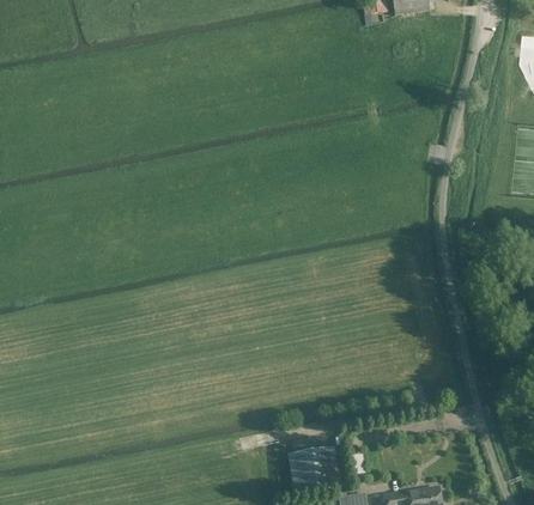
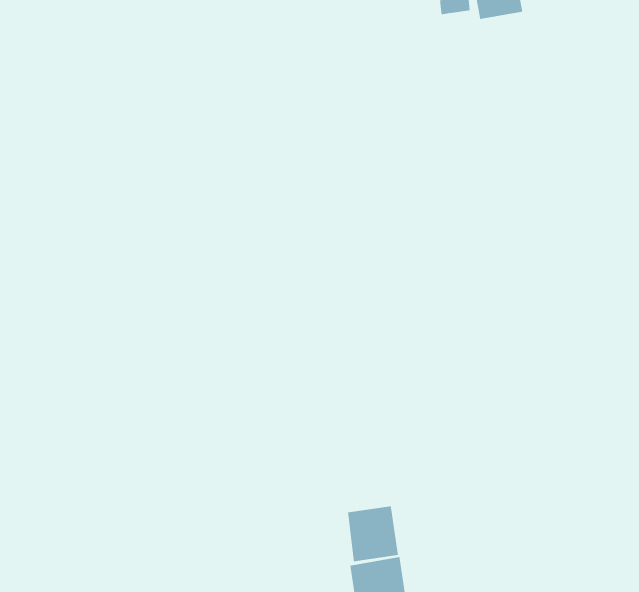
building: none -> [347,506,398,562]

